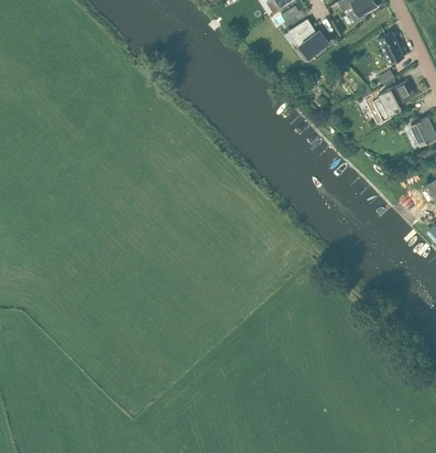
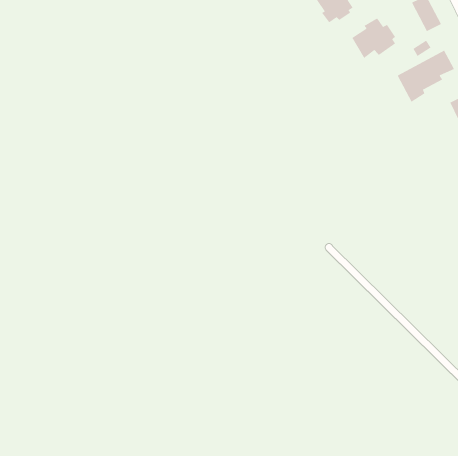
building: none -> [351,17,396,59]

